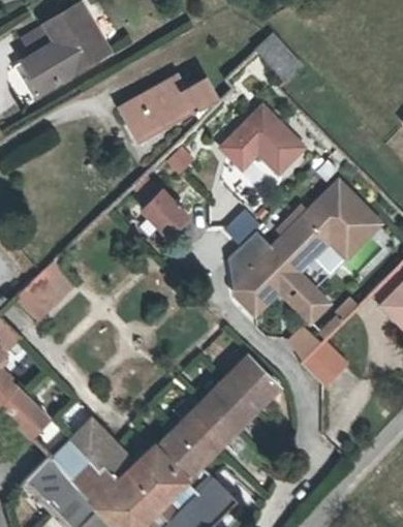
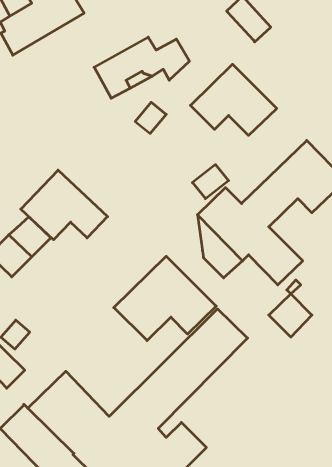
building: [147,185,192,228] -> none
building: none -> [21,170,108,240]
building: none -> [114,256,216,341]

